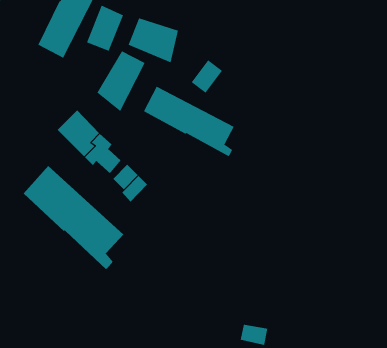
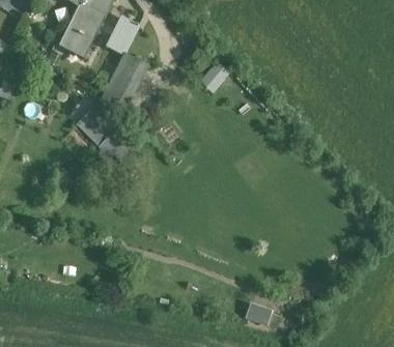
building: [128,17,179,63] -> none
building: [143,86,235,157] -> none
building: [23,165,124,270] -> none

